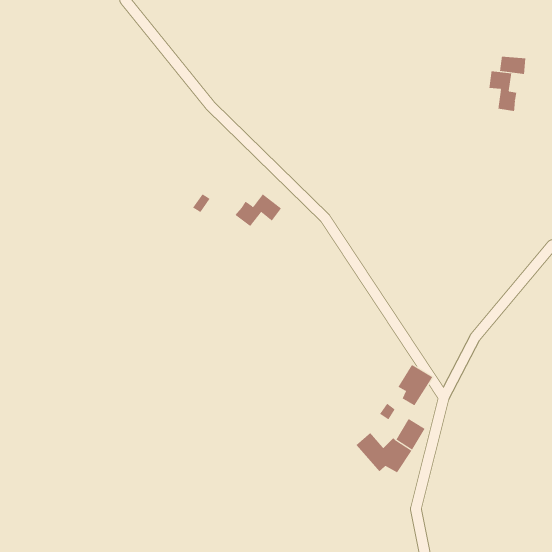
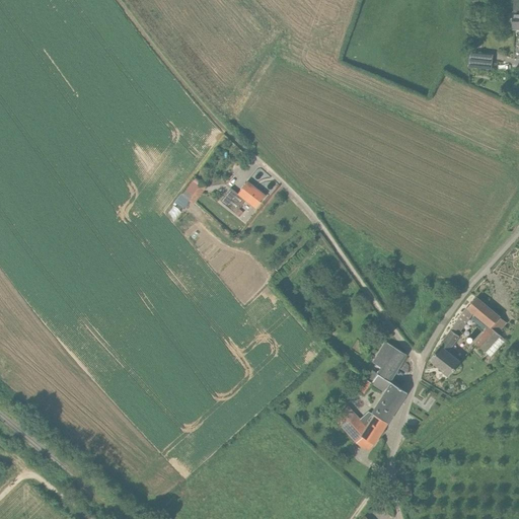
building: [489,70,517,112] -> none
building: none -> [430,297,507,375]

